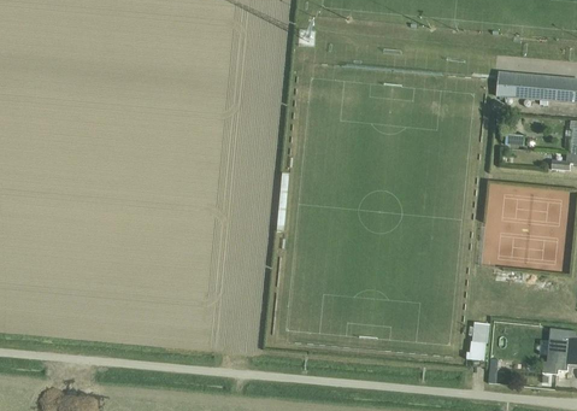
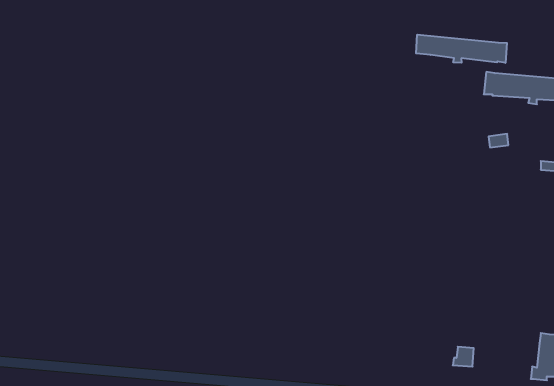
building: none -> [416,35,507,63]

